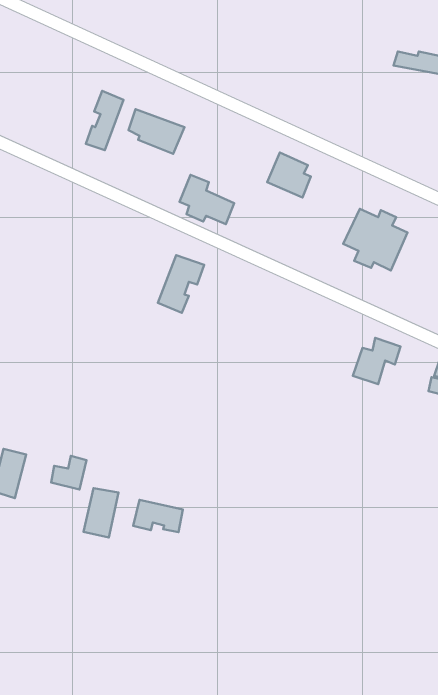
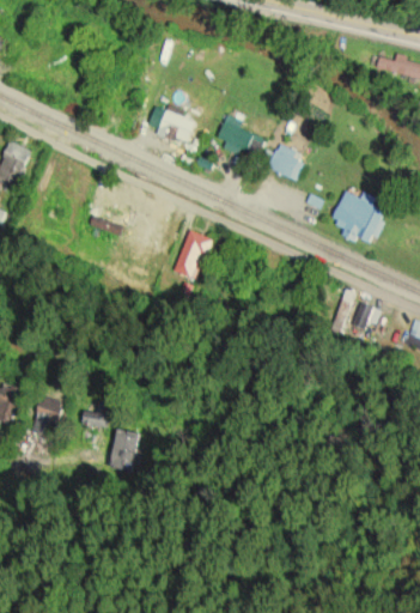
building: [86,91,124,150] -> none
building: [179,175,234,224] -> [218,114,264,156]
building: [133,500,183,532] -> none

